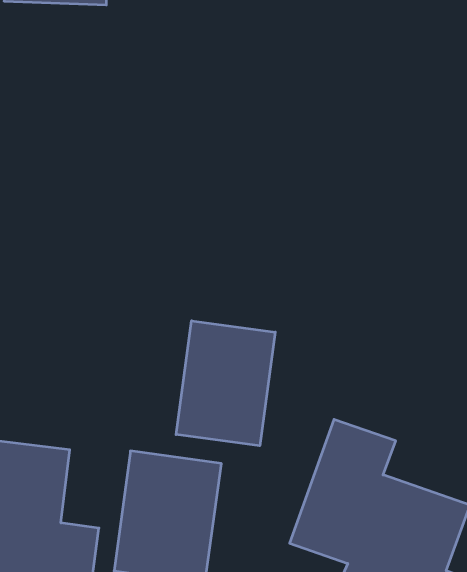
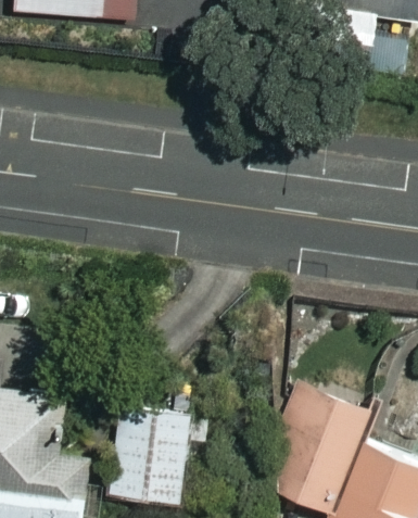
building: [176,321,275,446] -> none

